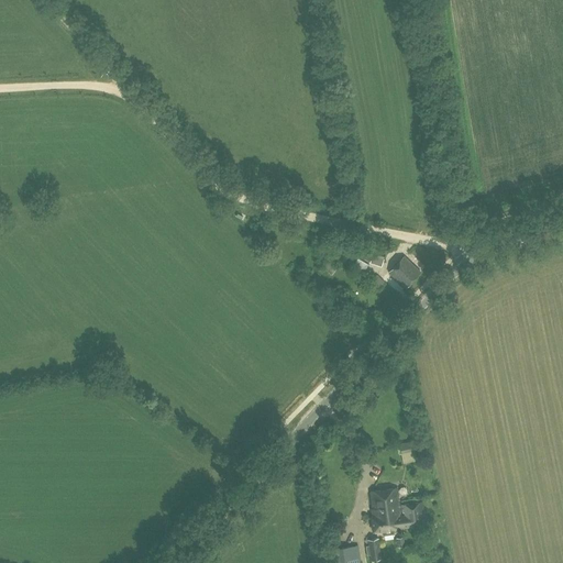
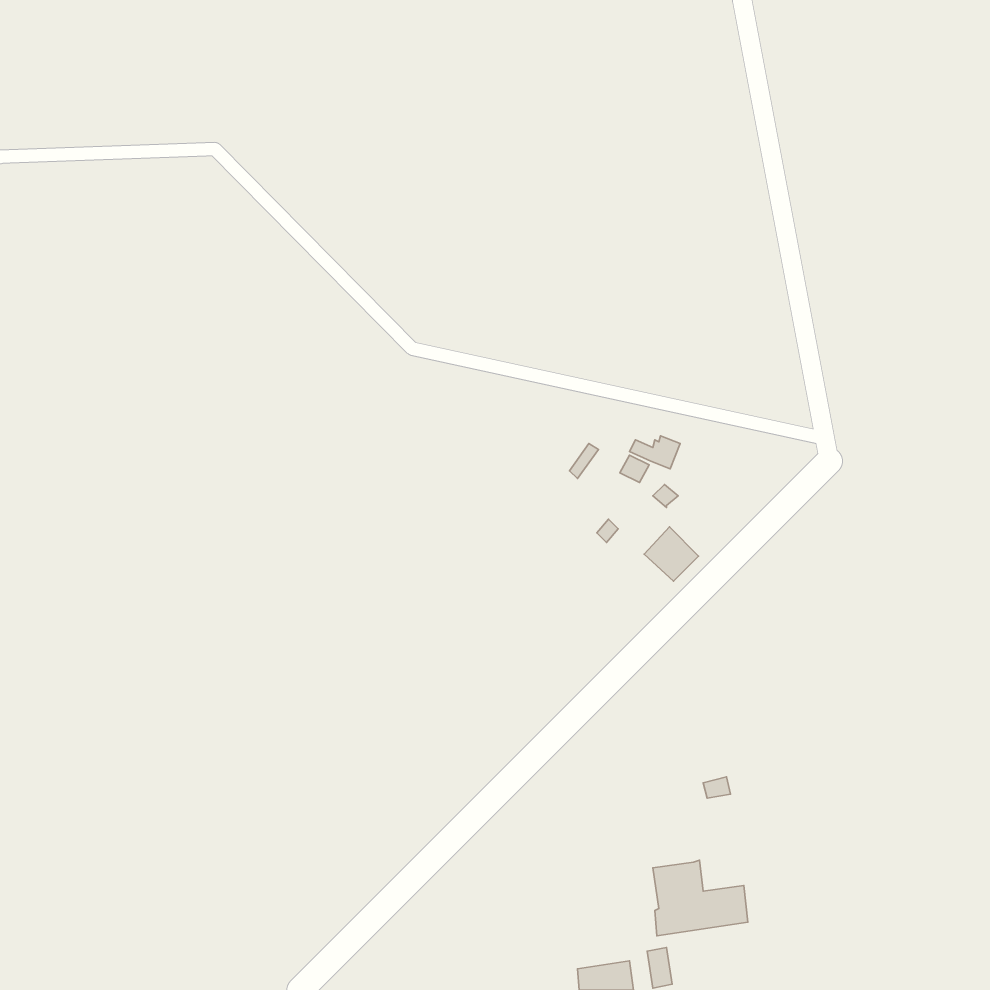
building: [389,256,420,287] -> [644,527,699,581]

